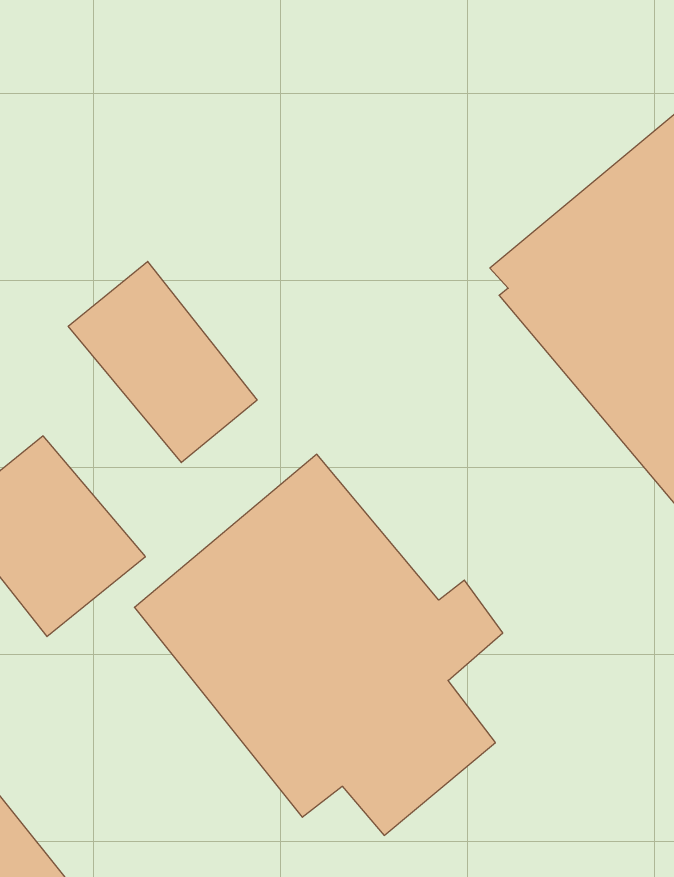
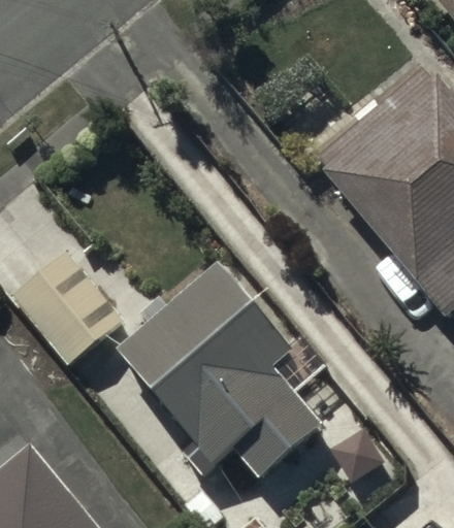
building: [68,261,257,463] -> none

